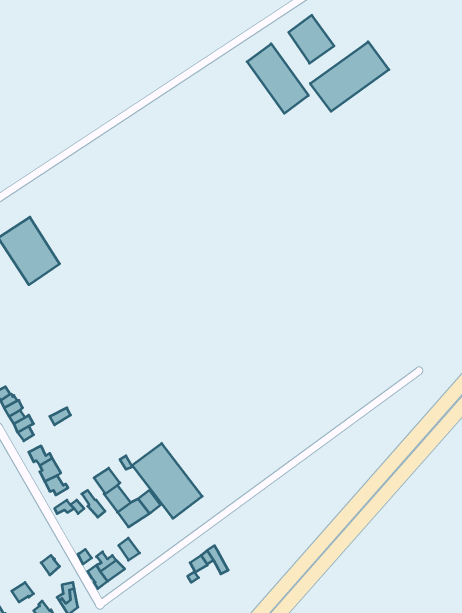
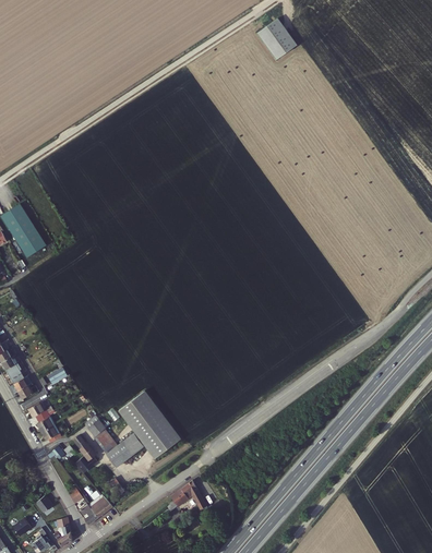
building: [310,42,389,111] -> none
building: [247,44,308,113] -> none

